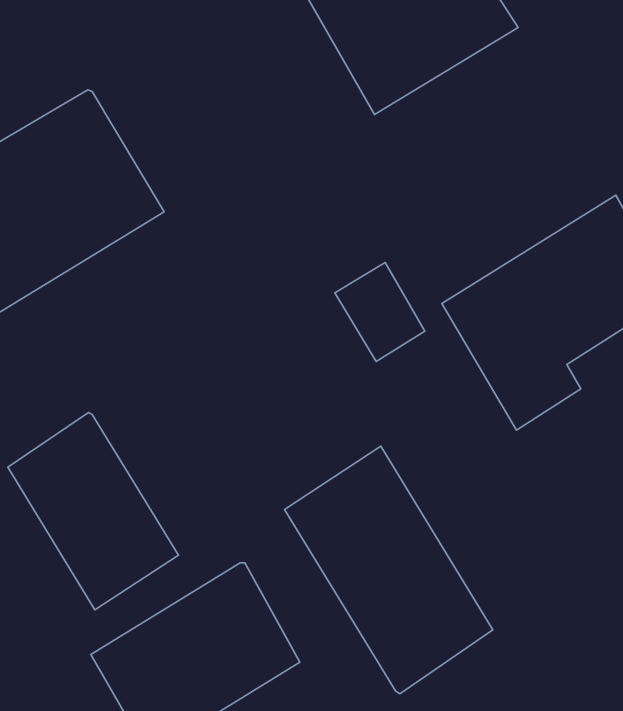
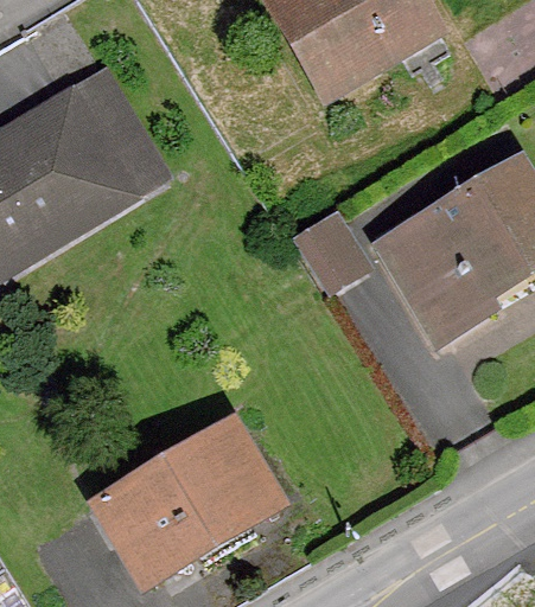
building: [8,413,178,610] -> none
building: [284,446,493,694] -> none

